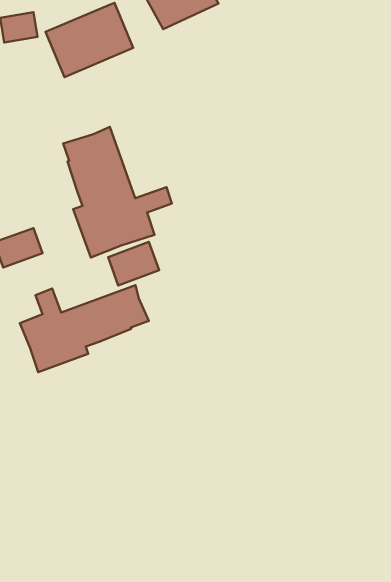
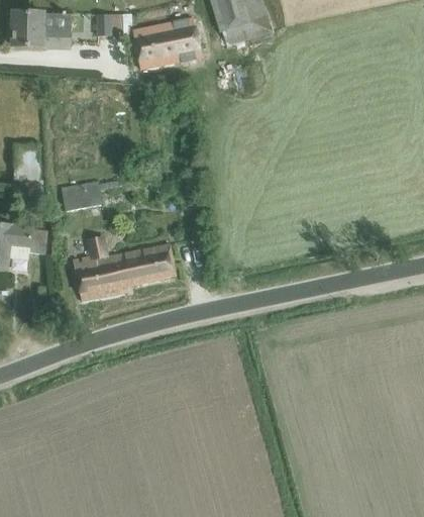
building: [63,127,172,257] -> none
building: [108,242,159,285] -> none

